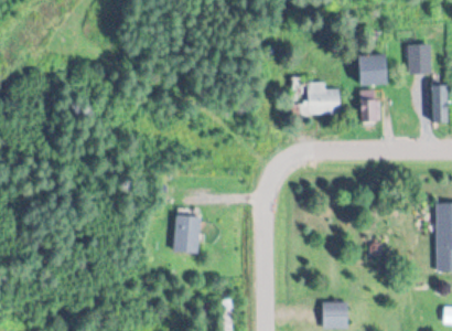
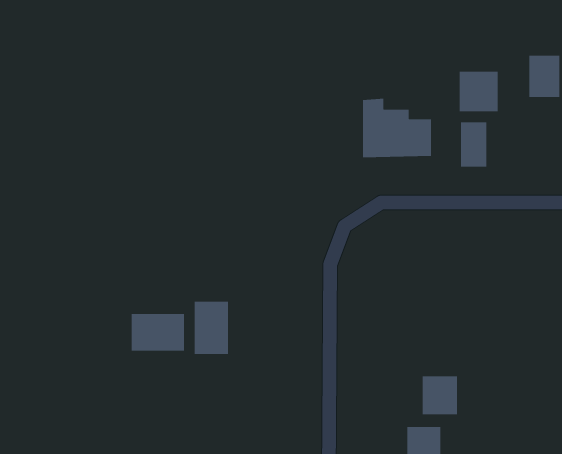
building: none -> [131,313,185,352]
building: none -> [422,376,458,415]

